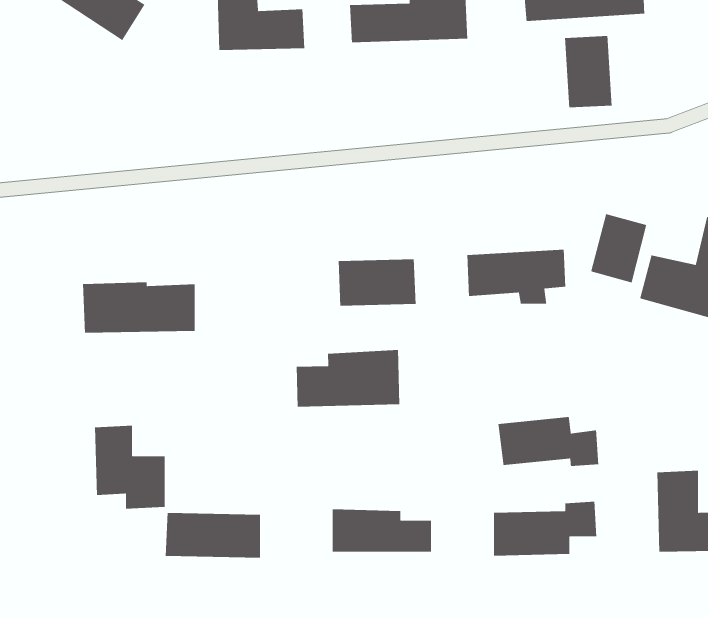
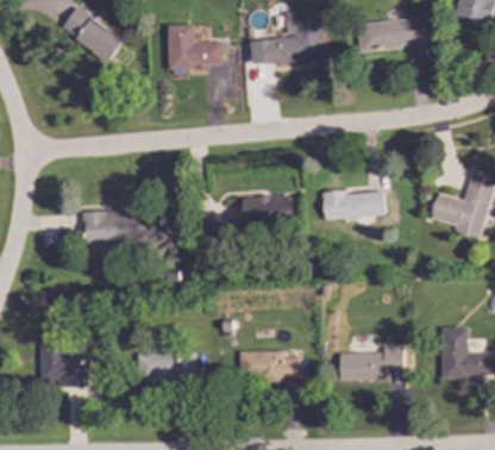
building: [564,35,613,108] -> none
building: [590,213,647,283] -> none
building: [296,349,400,407] -> none
building: [498,416,599,467] -> none
building: [94,425,165,509] -> [39,336,83,388]

